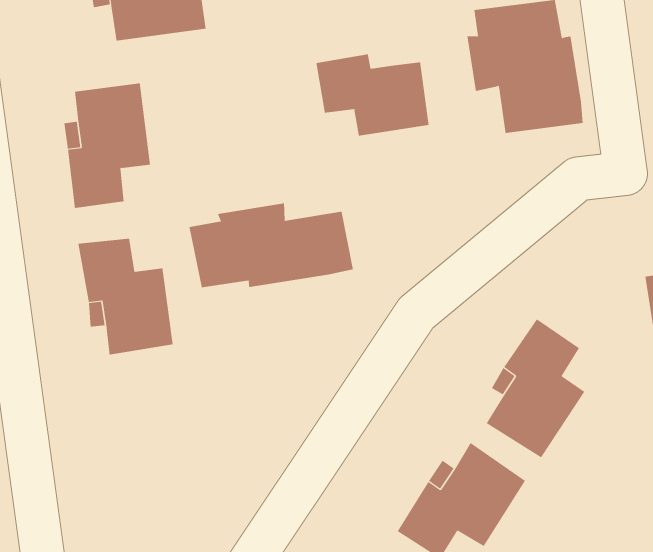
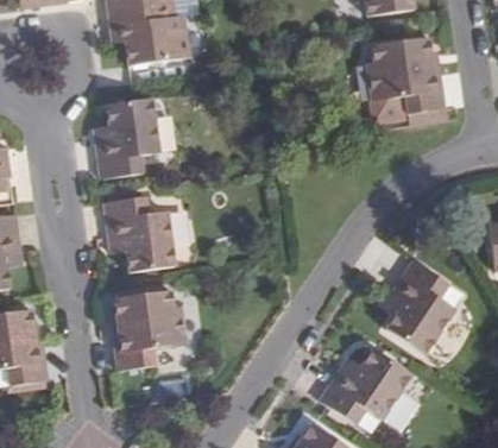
building: [316,54,429,136] -> none
building: [189,203,354,288] -> none
building: none -> [109,289,184,372]

